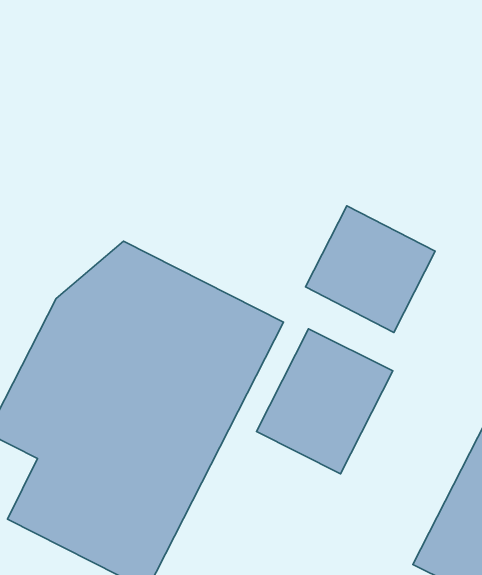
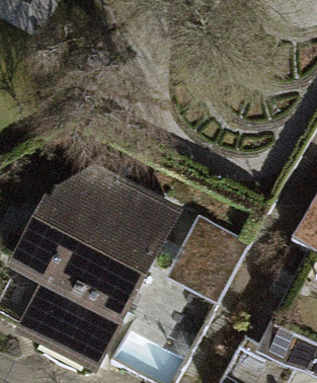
building: [306,206,435,333] -> none

